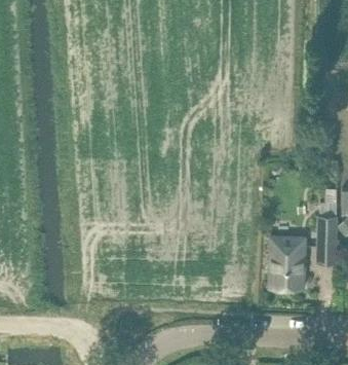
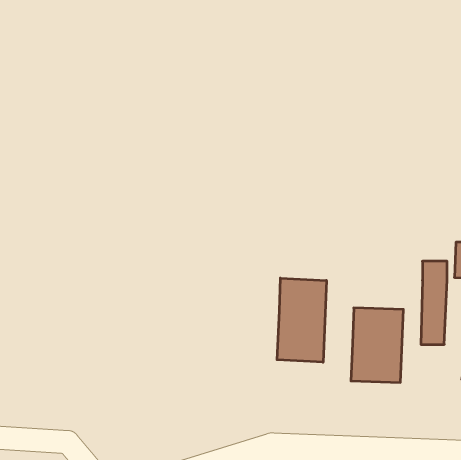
building: none -> [277,278,326,362]

